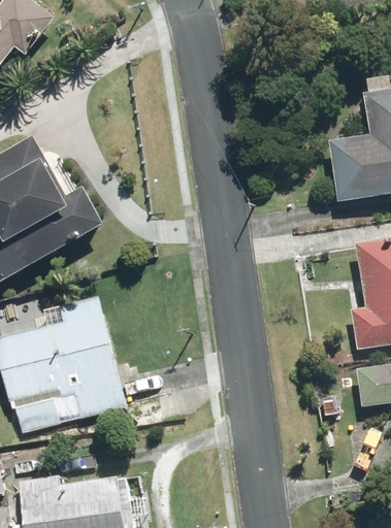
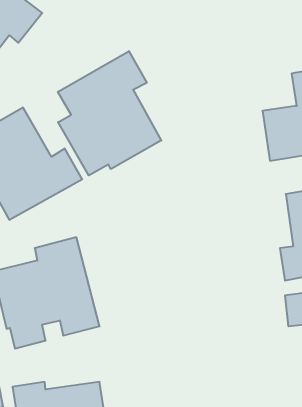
building: none -> [58,51,161,175]

